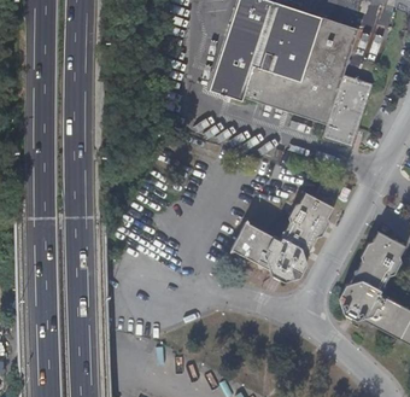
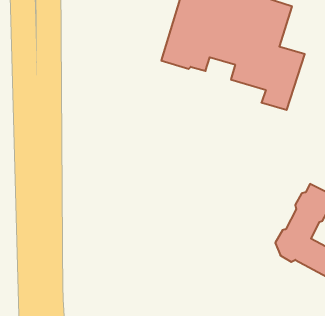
building: [258,83,292,109] -> none
building: [232,189,332,279] -> none

